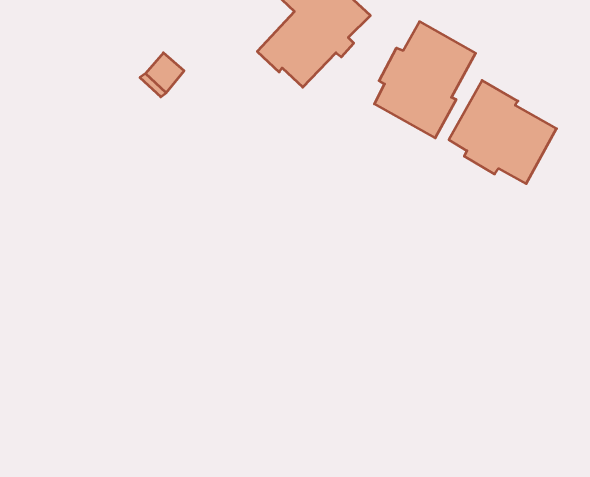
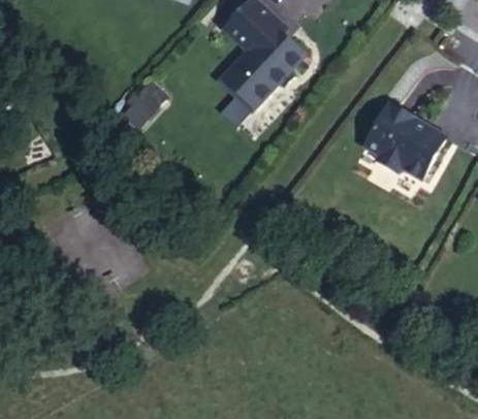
building: [374,22,476,138] -> none

